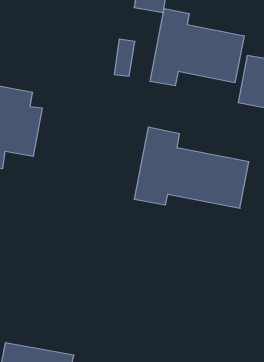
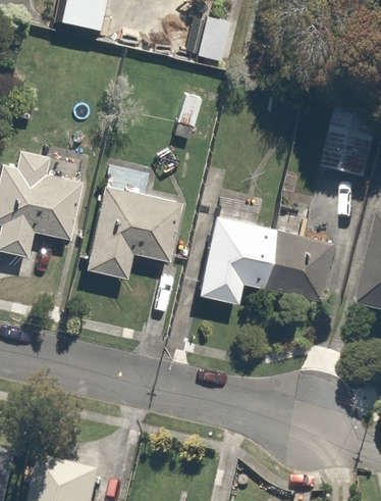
building: [150,8,244,86] -> none
building: none -> [88,169,180,275]

